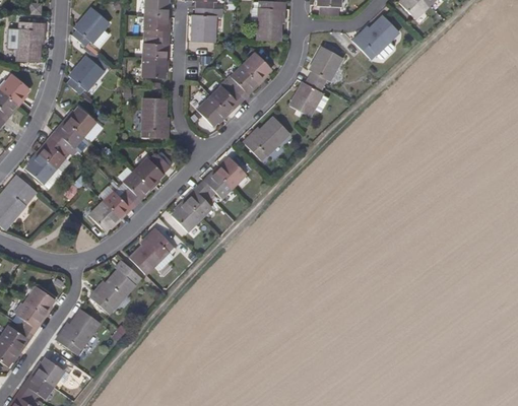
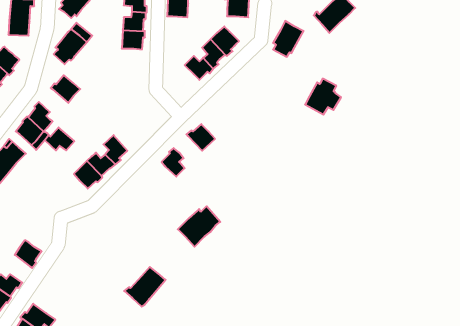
building: [289,77,329,117] -> [305,79,341,115]
building: [197,94,230,125] -> none
building: [141,96,168,137] -> none
building: [246,115,289,161] -> none
building: [51,121,83,146] -> [45,127,74,150]
building: [133,158,164,190] -> none
building: [199,173,231,199] -> none
building: [172,200,202,231] -> none
building: [126,229,173,274] -> [178,206,220,247]
building: [88,269,134,313] -> [124,267,166,307]
building: [16,303,42,334] -> none
building: [55,309,100,354] -> none

